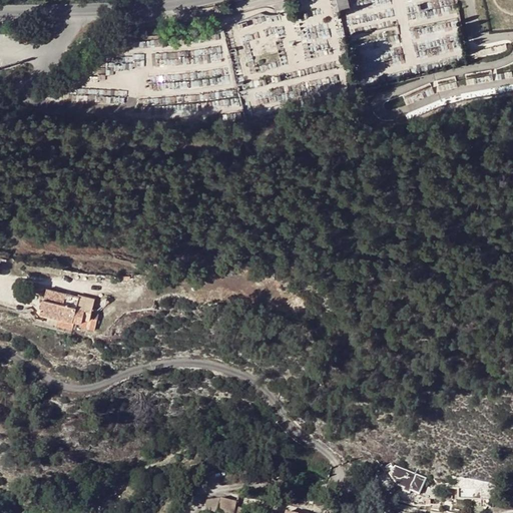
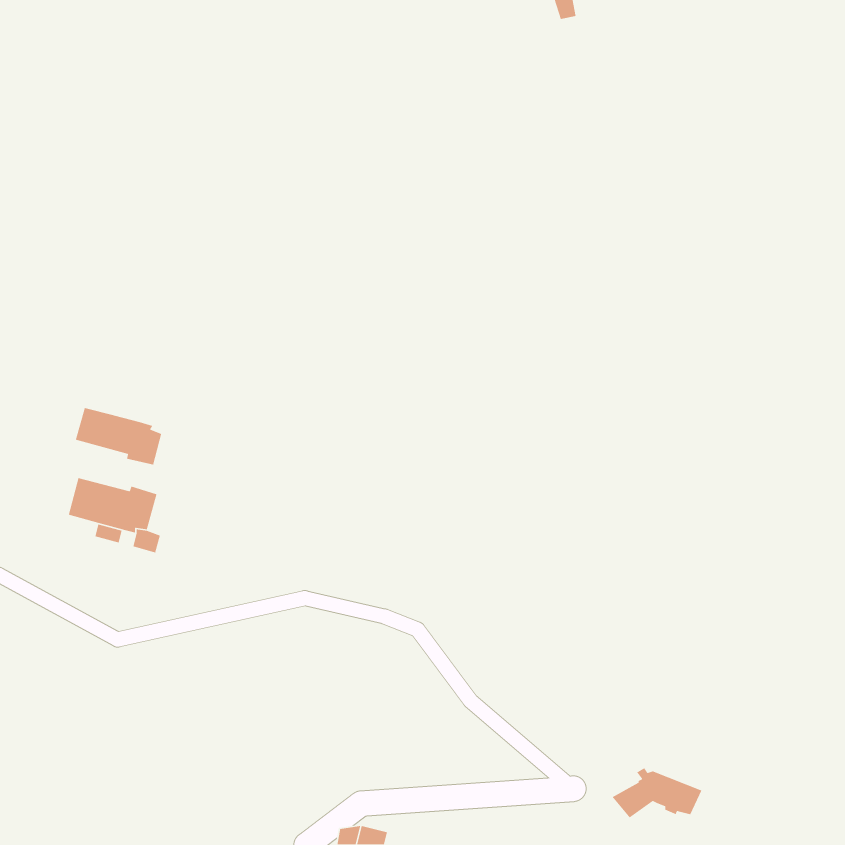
building: none -> [75,407,162,465]

